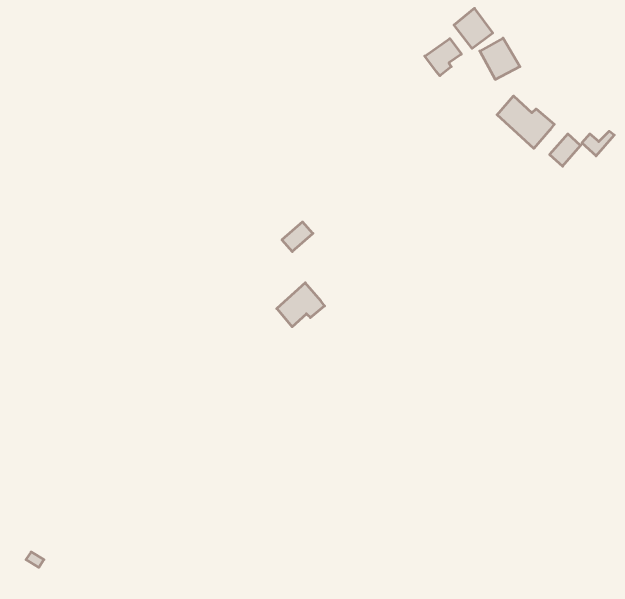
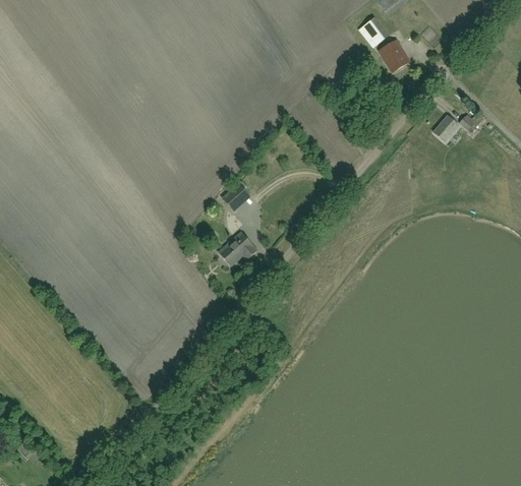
building: [425,39,461,76] -> none
building: [497,96,554,148] -> none

